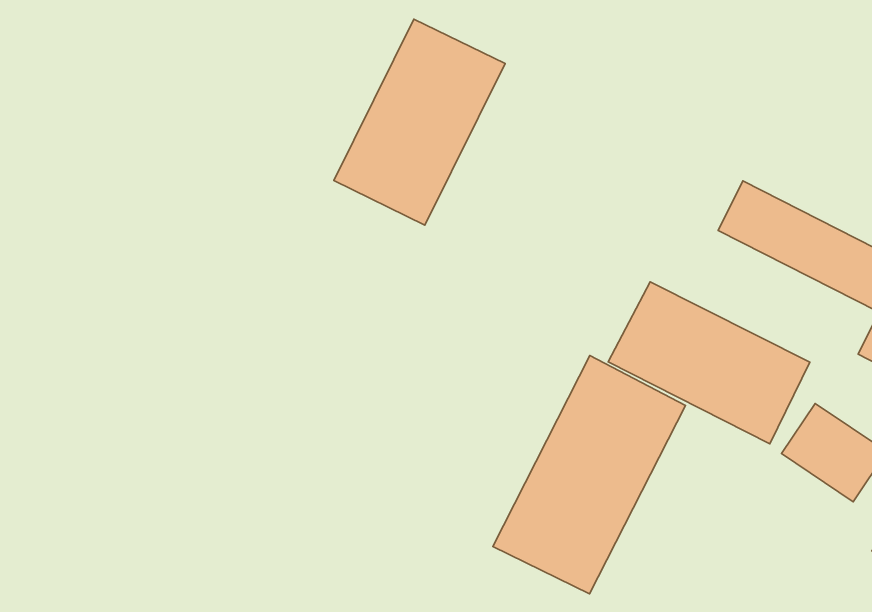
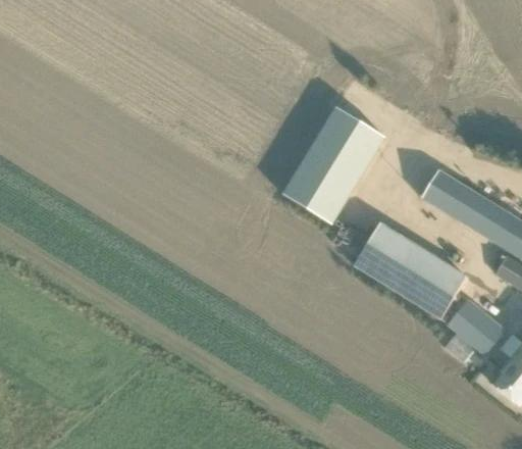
building: [334,19,505,225] -> [282,106,384,222]
building: [493,355,686,594] -> none

